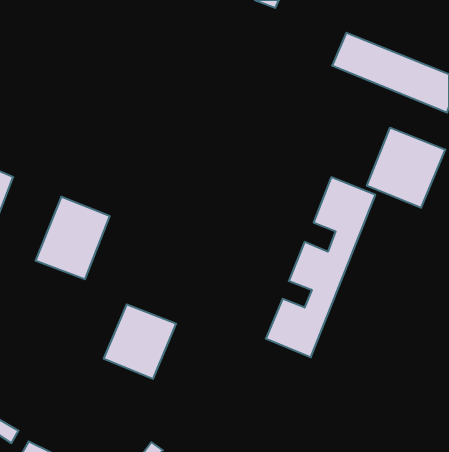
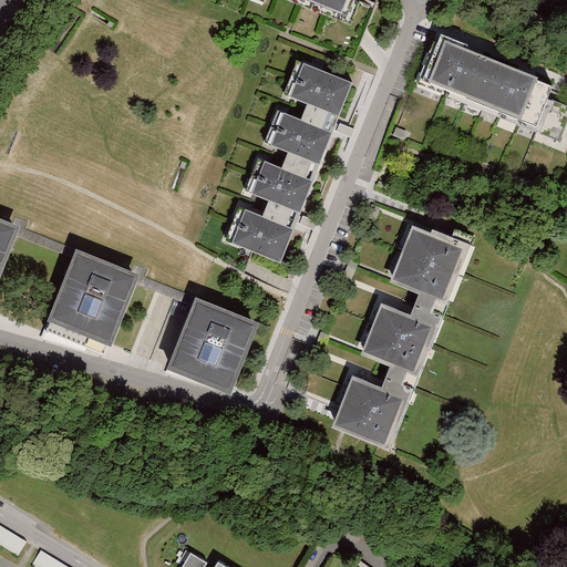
building: none -> [231,63,350,260]
building: [367,128,445,208] -> none
building: [104,304,176,379] -> [167,297,258,390]

